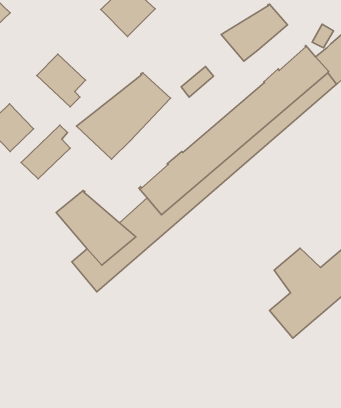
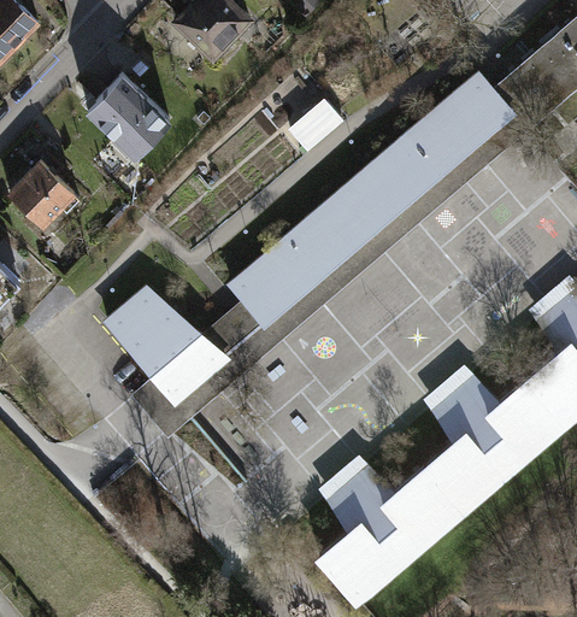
building: [221,4,287,61] -> none
building: [76,73,170,159] -> none
building: [21,125,70,179] -> none
building: none -> [318,462,459,598]

